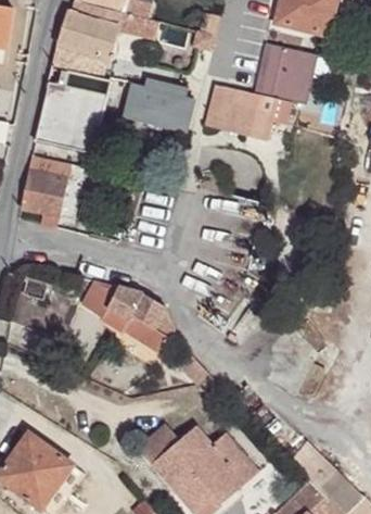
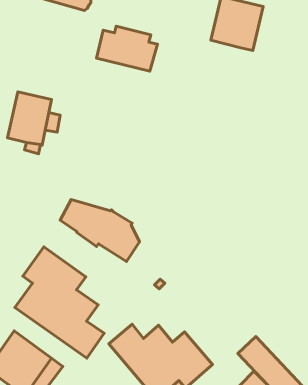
building: [36,70,107,150] -> none
building: [205,84,291,139] -> none
building: none -> [15,247,104,358]

